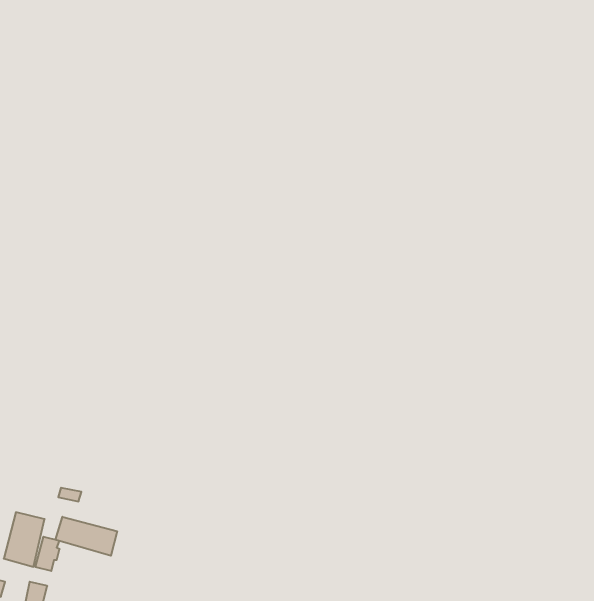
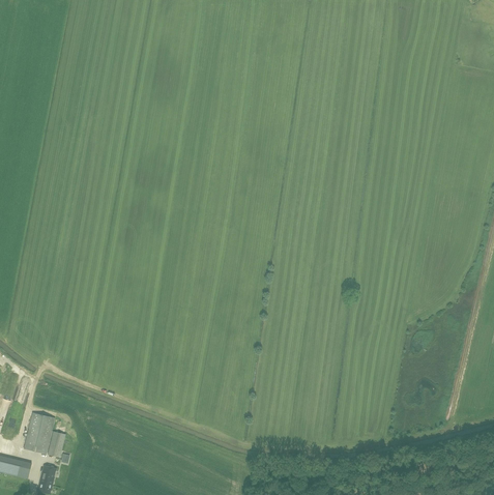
building: [55,517,117,556] -> none

